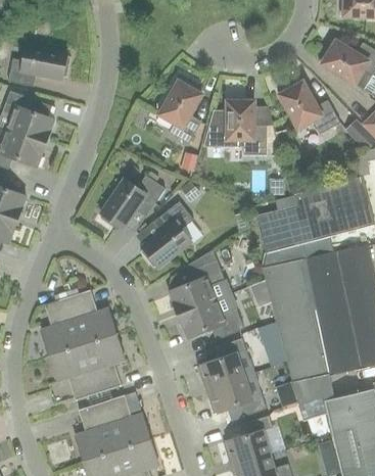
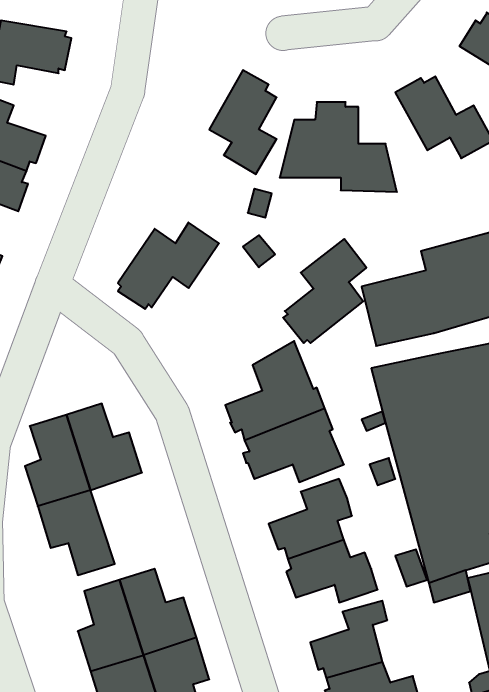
building: [141,201,194,268] -> [283,239,366,343]
building: [84,334,126,392] -> none

